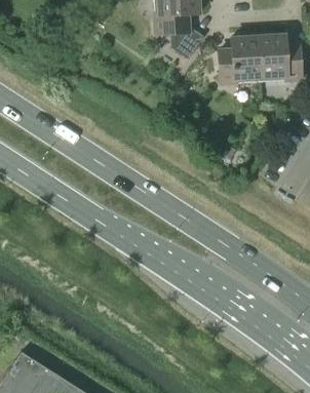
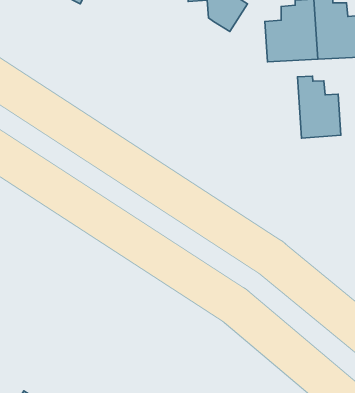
building: none -> [298,76,341,138]

